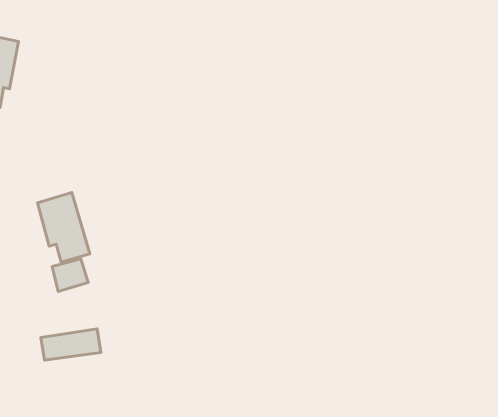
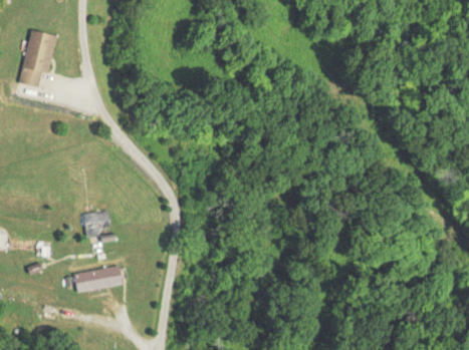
building: [37,192,90,262] -> none

